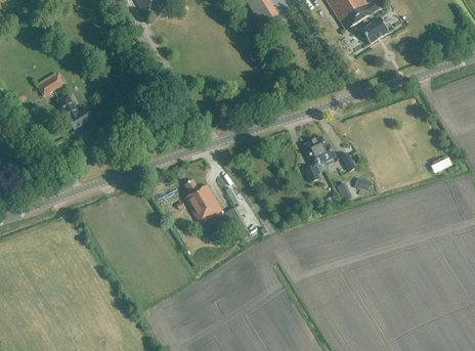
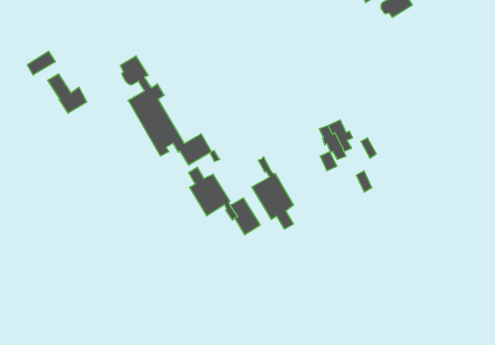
building: none -> [120,56,211,165]
building: none -> [252,157,294,229]

